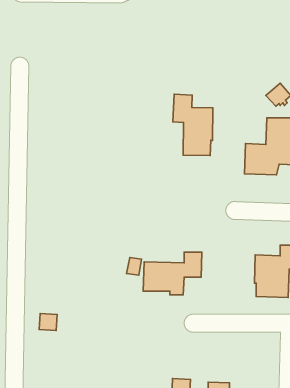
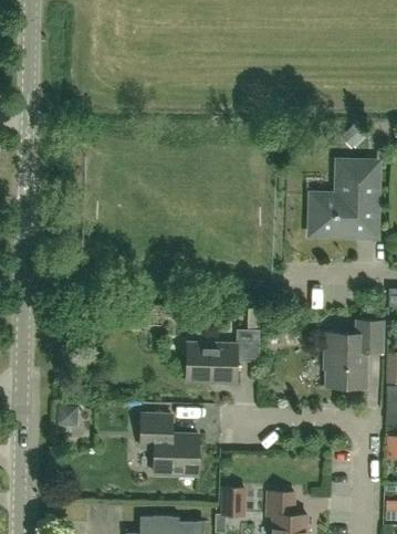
building: [173,94,213,156] -> none
building: none -> [140,415,198,475]

